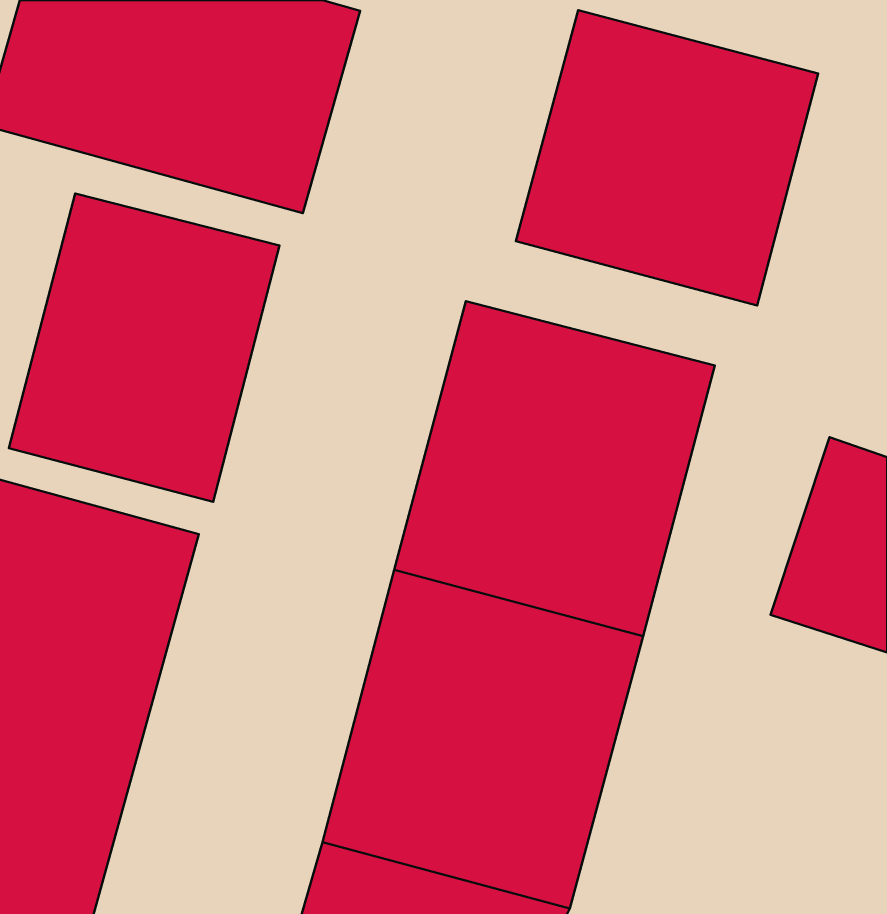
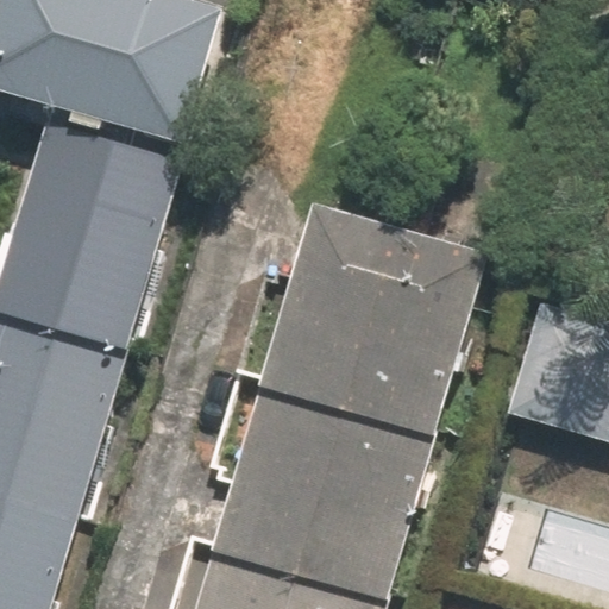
building: [516,10,818,305] -> none

